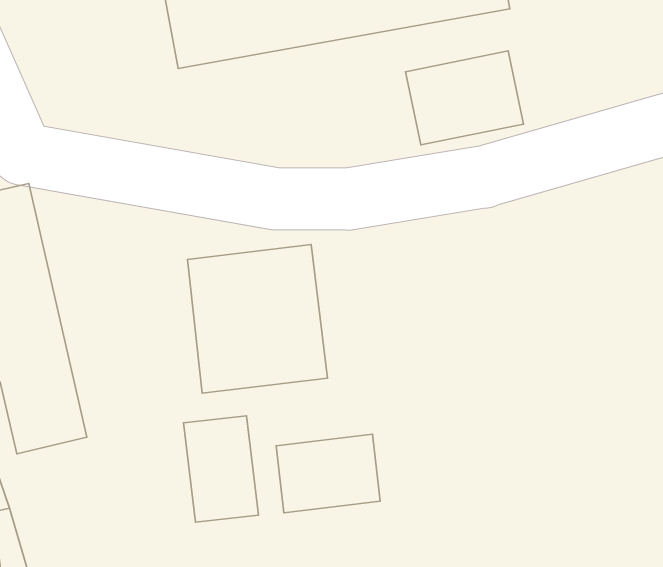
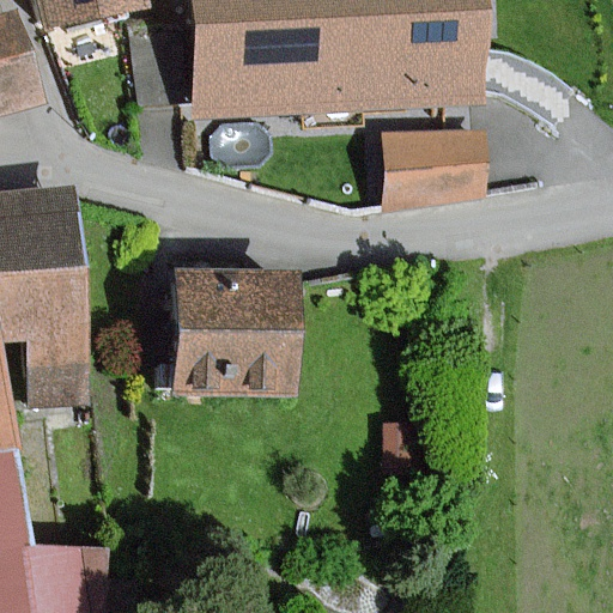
building: [183,416,258,522] -> none
building: [276,434,380,513] -> none

